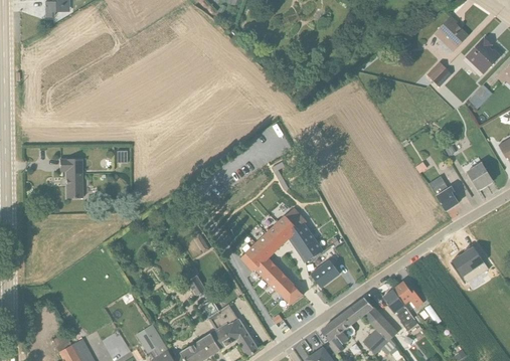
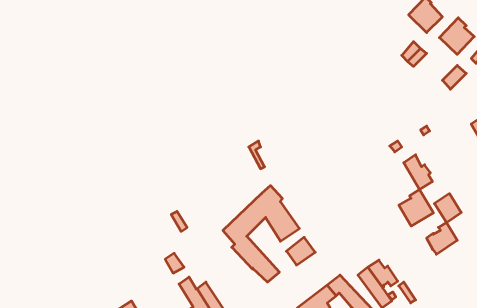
building: [59,158,82,197] -> none
building: [466,161,493,190] -> [434,194,461,222]
building: none -> [399,190,433,226]

